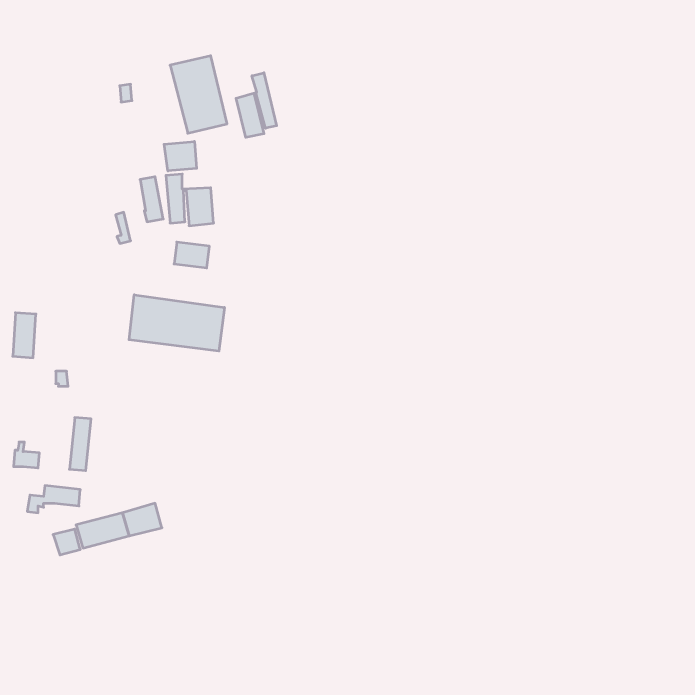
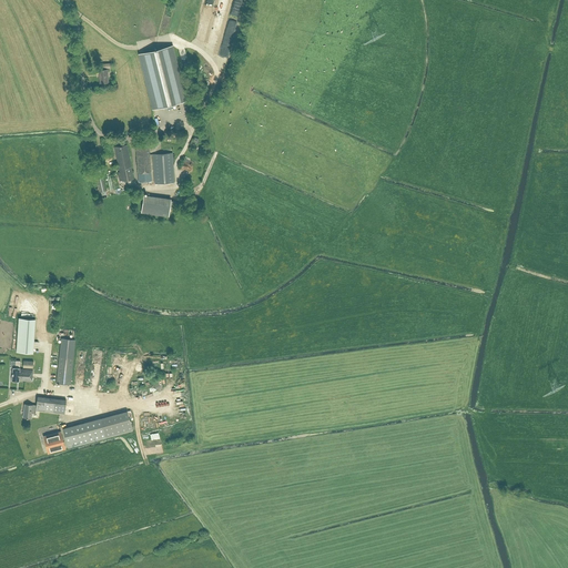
building: [236,73,277,137] -> none
building: [164,141,197,171] -> none
building: [129,295,224,351] -> none
building: [13,313,36,358] -> [17,318,36,355]

